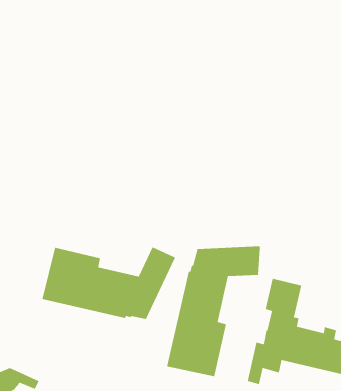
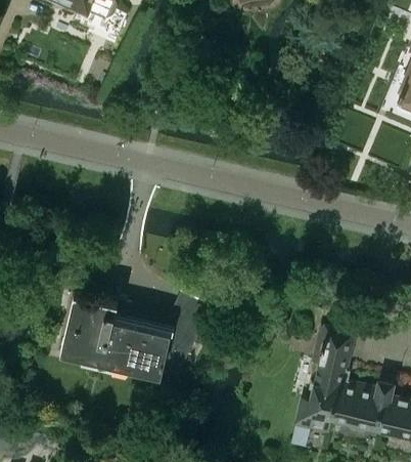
building: [166,244,261,377] -> none

